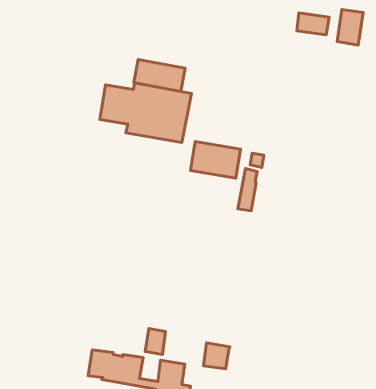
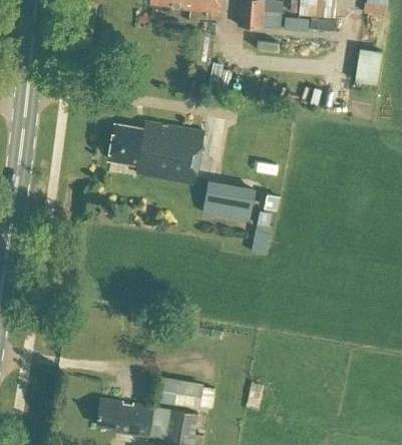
building: [297,13,329,35] -> none
building: [134,60,185,91] -> none
building: [204,343,230,369] -> [174,379,202,406]

